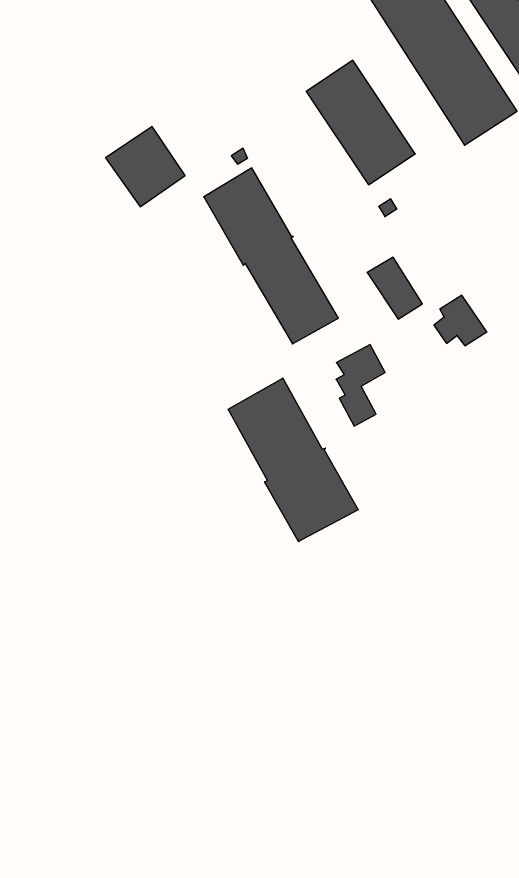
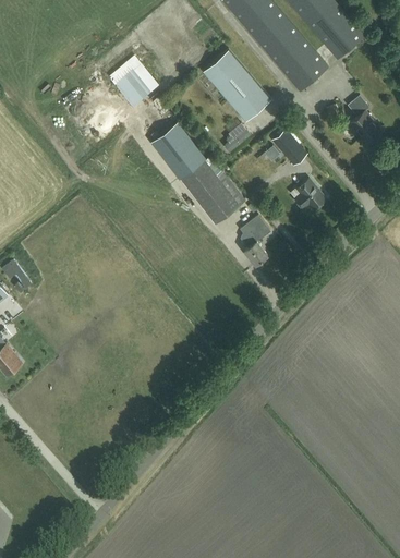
building: [106,127,185,207] -> [110,56,158,104]
building: [367,257,422,319] -> [271,130,306,166]
building: [228,378,358,542] -> none

